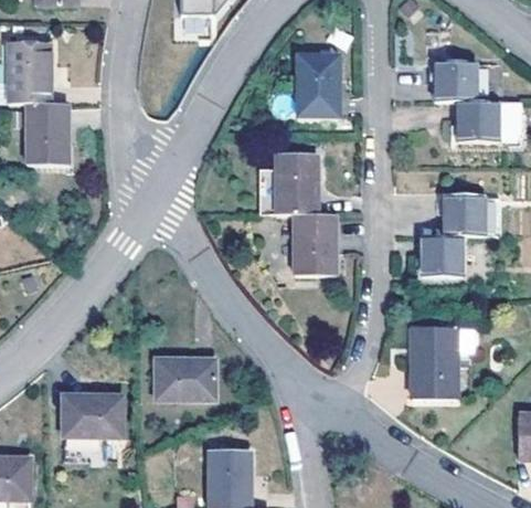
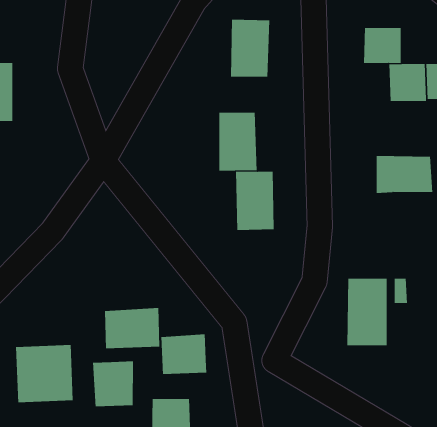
building: [422,235,463,274] -> none
building: none -> [161,334,207,375]
building: none -> [92,361,133,407]

